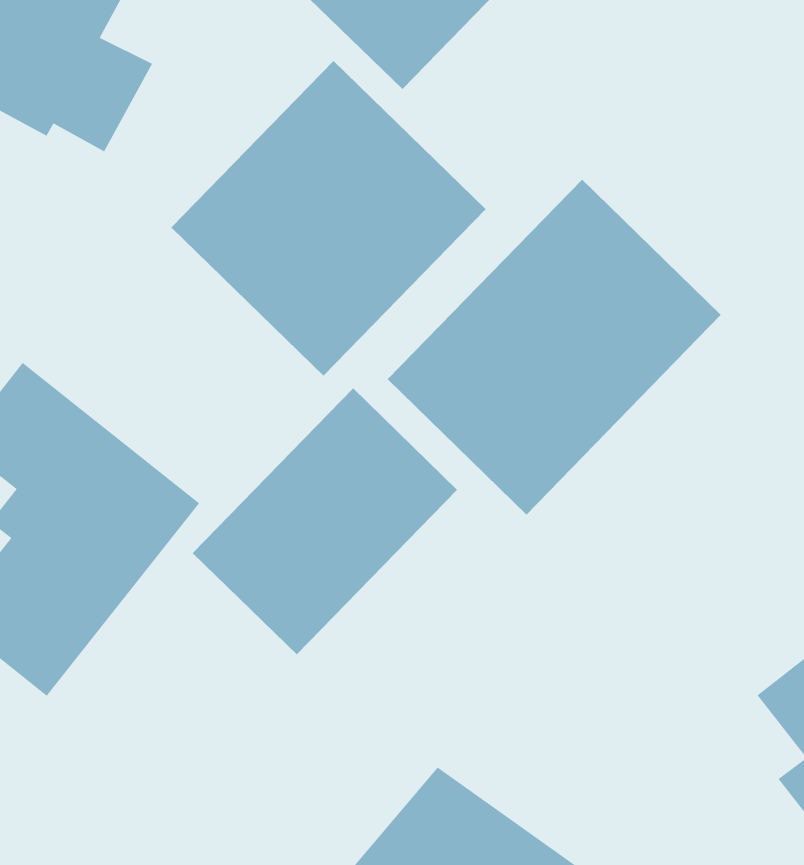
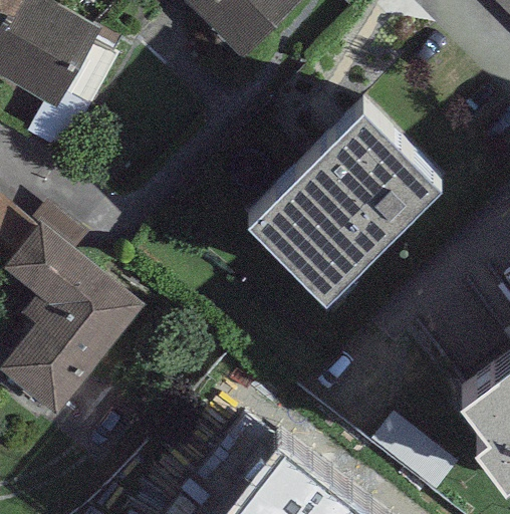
building: [171,60,486,376] -> none
building: [192,388,458,655] -> none

